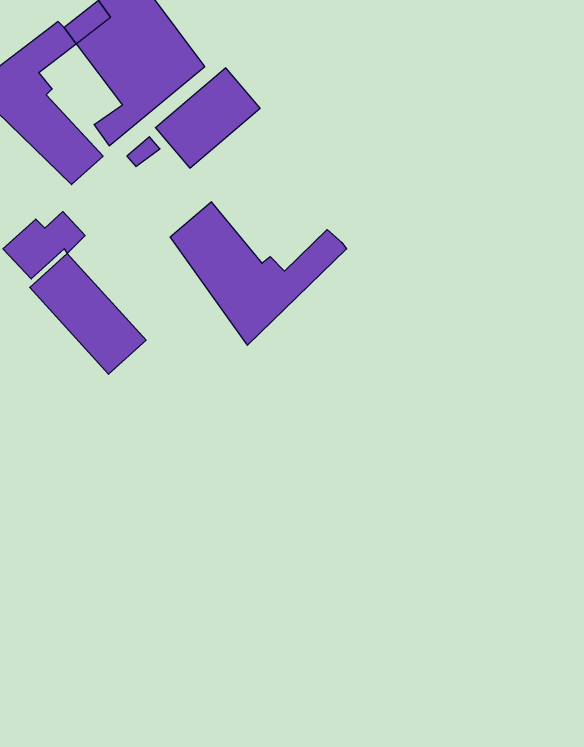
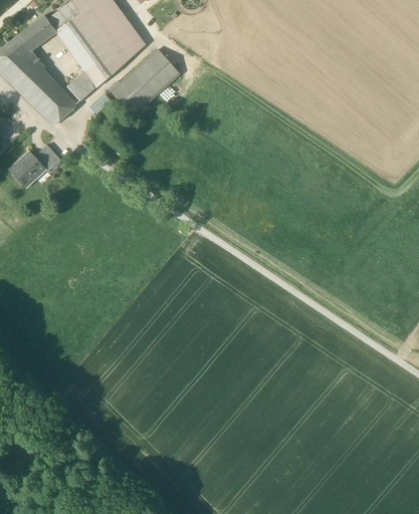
building: [170,202,347,345] -> none
building: [30,253,146,374] -> none

